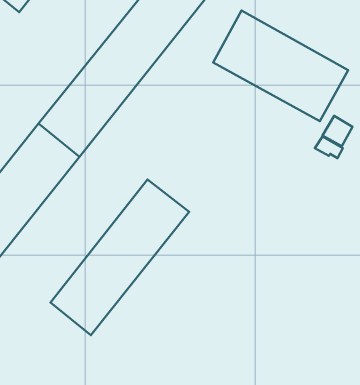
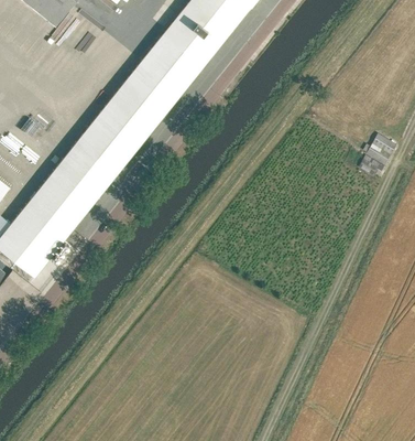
building: [213,11,348,121] -> none
building: [51,180,189,335] -> none

